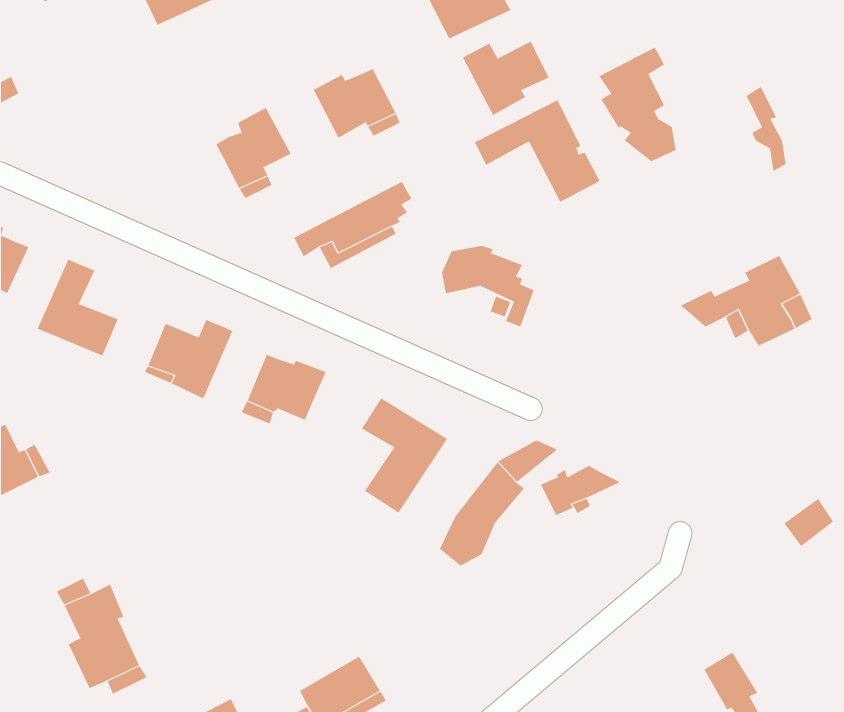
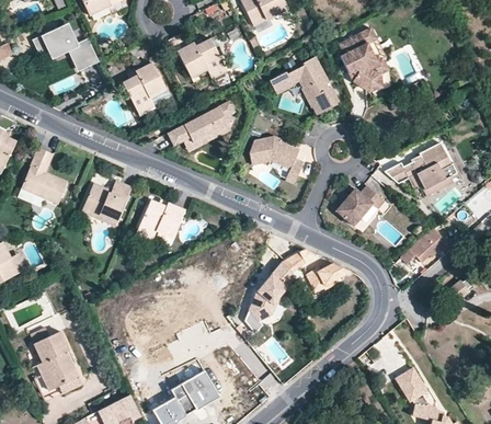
building: [462,41,549,116] -> none
building: none -> [32,28,99,70]
building: [746,86,787,172] -> [366,37,389,85]
building: none -> [336,186,386,227]
building: [361,398,448,513] -> none
building: none -> [402,230,446,264]

